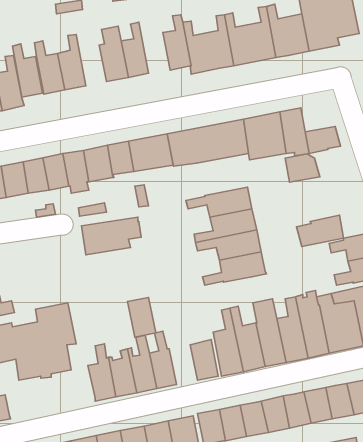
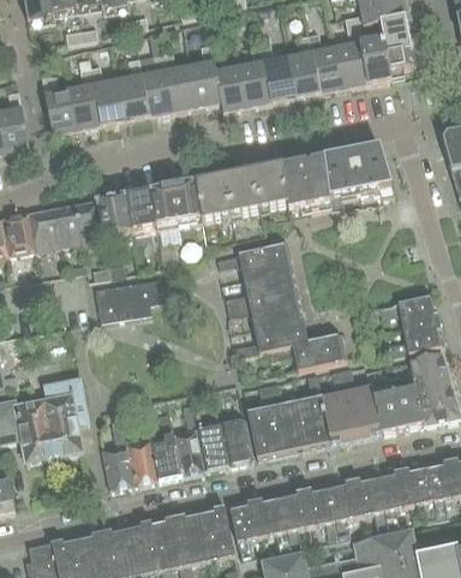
building: none -> [162,52,198,112]
building: [12,44,43,97] -> [90,65,125,126]
building: [285,154,320,182] -> [348,147,388,179]
building: [297,215,344,247] -> [292,333,346,369]
building: [128,297,156,337] -> [197,424,229,470]

